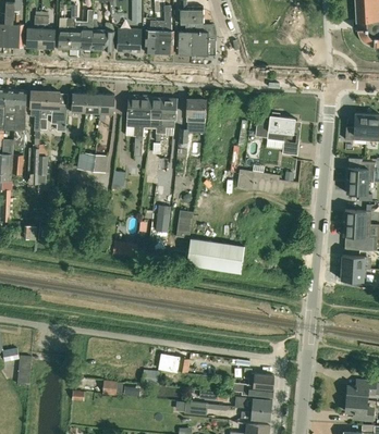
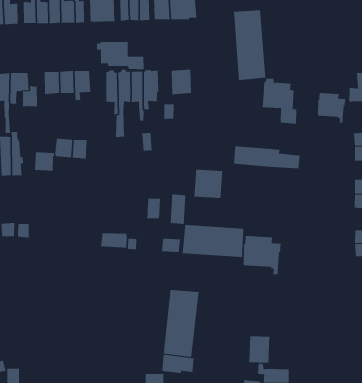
building: none -> [233,10,266,81]
building: none -> [96,41,144,70]
building: none -> [318,92,346,123]
building: none -> [194,169,223,199]
building: none -> [243,235,281,275]
building: none -> [163,289,199,358]
building: none -> [249,335,270,363]

